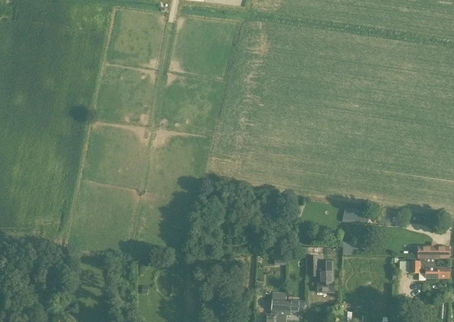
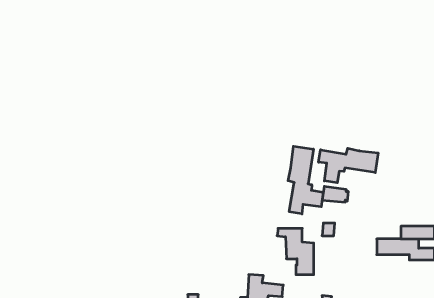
building: none -> [288,146,323,214]
building: none -> [319,148,378,183]

